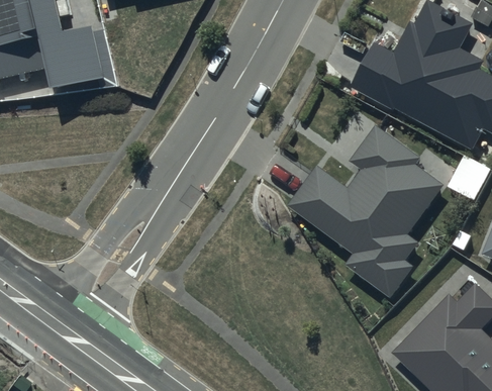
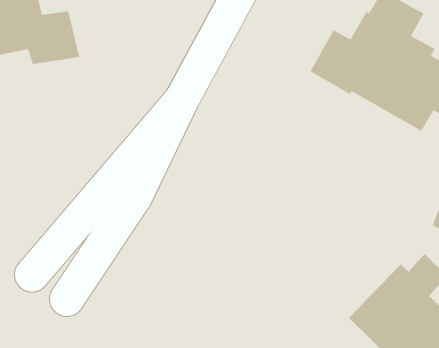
building: [287,126,444,297] -> none

